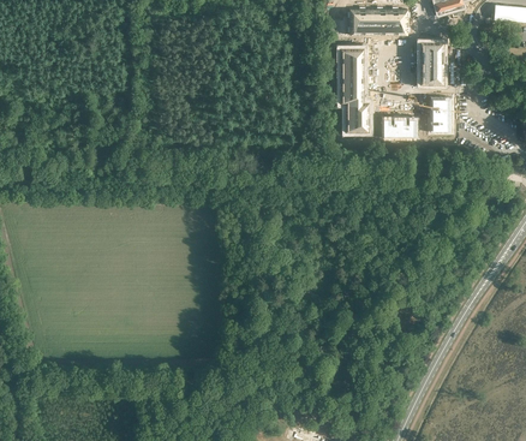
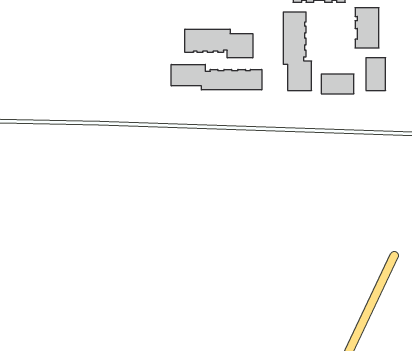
building: none -> [185,29,253,58]
building: none -> [171,64,262,90]

